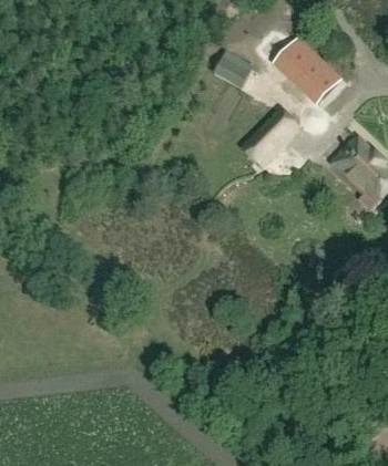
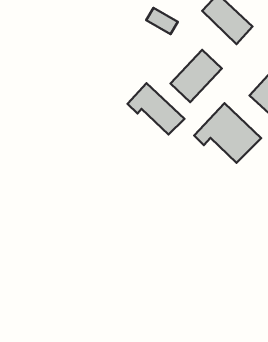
building: none -> [127,83,184,135]
building: none -> [194,103,261,163]

